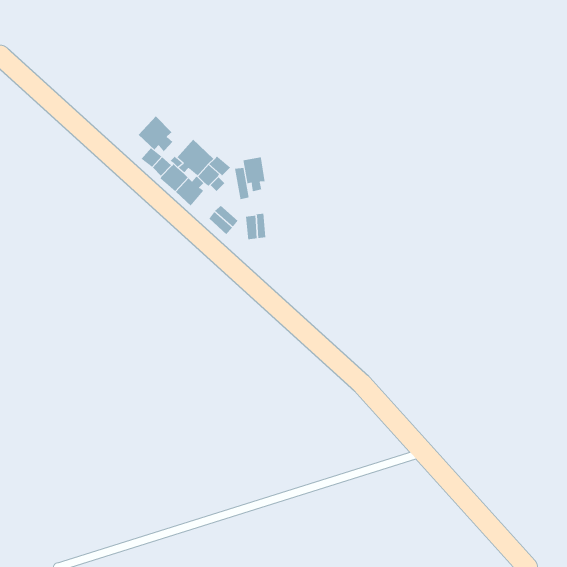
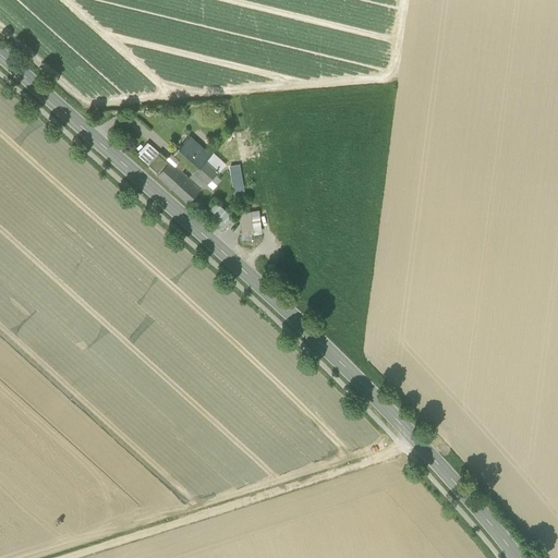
building: [138,115,173,152] -> none
building: [243,156,265,192] -> none

